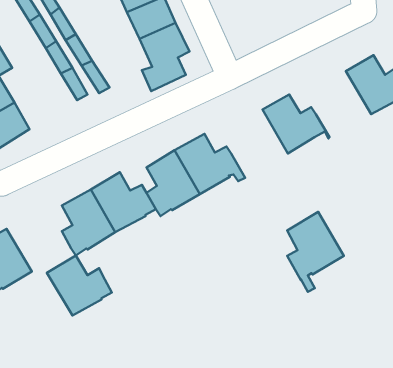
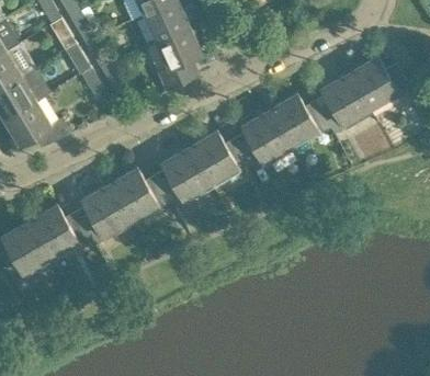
building: none -> [320,71,374,134]
building: [287,212,344,292] -> [241,107,295,183]
building: [47,255,112,316] -> [29,204,90,261]

